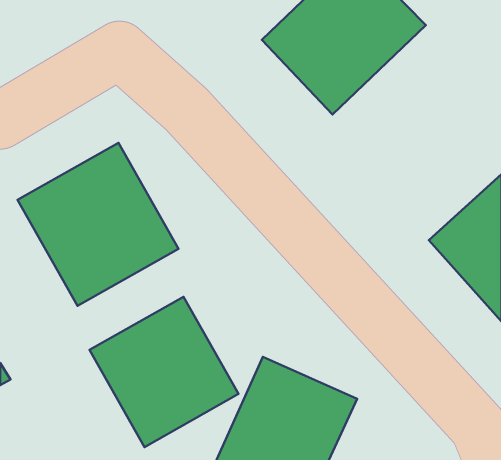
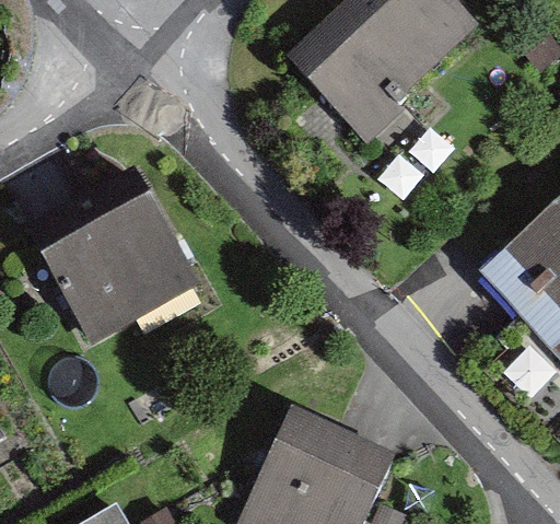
building: [90,297,238,447] -> none

